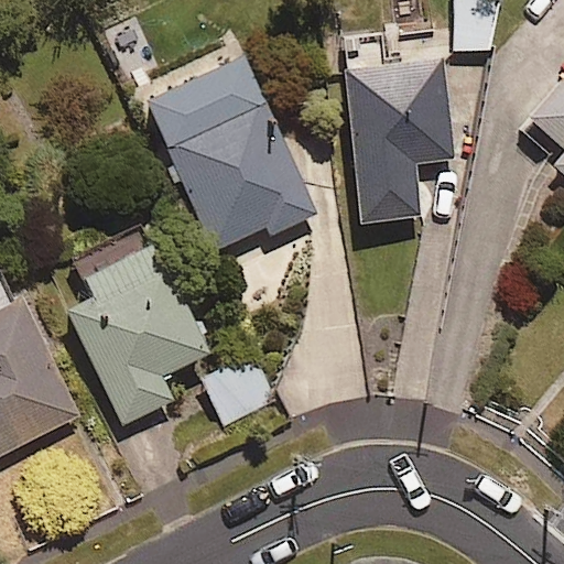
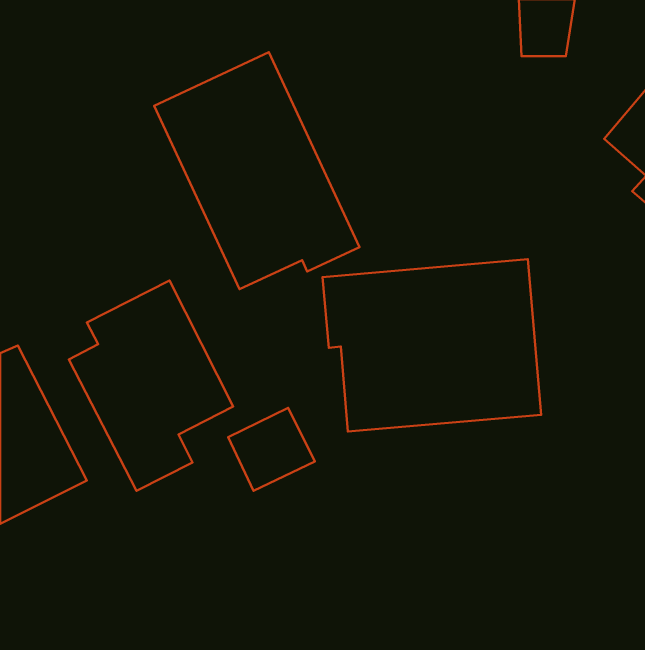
building: [344,59,454,221] -> none
building: none -> [323,259,541,431]

